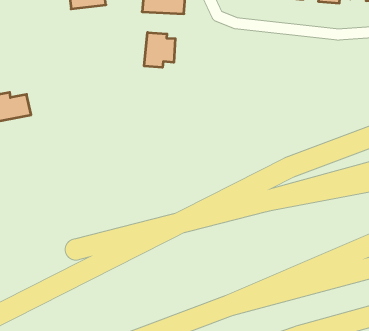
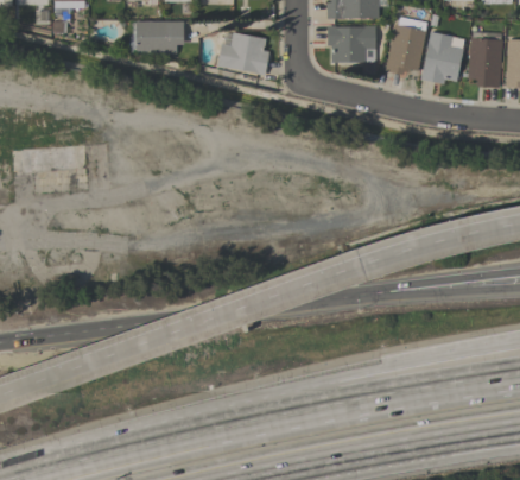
building: [144,32,175,67] -> none

